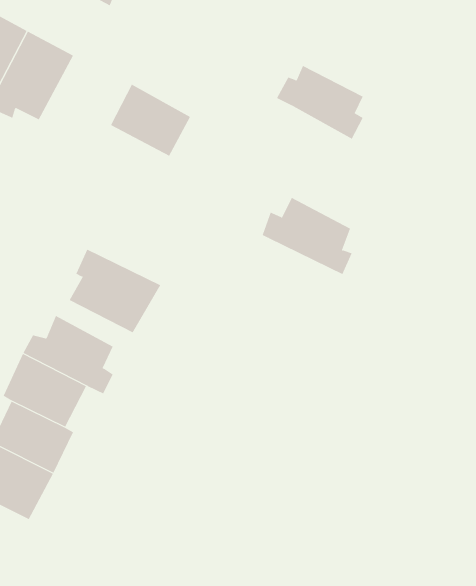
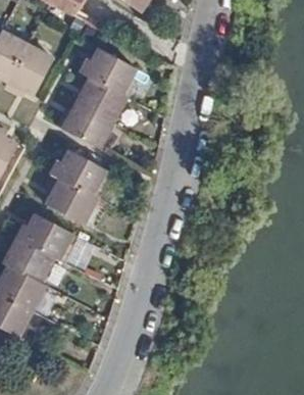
building: [276,65,364,139] -> [80,46,134,92]
building: none -> [58,97,113,144]
building: [262,197,353,275] -> [58,148,114,196]

